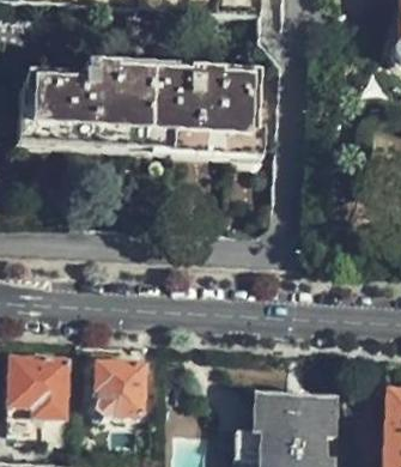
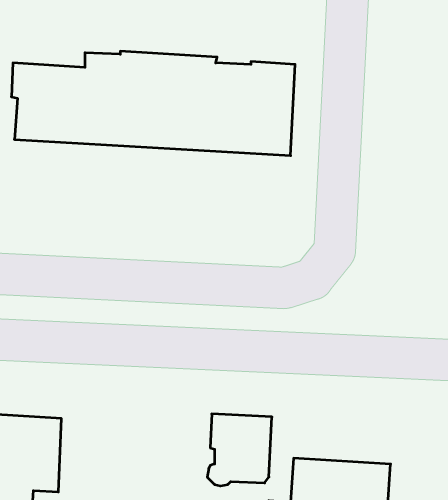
building: [93,360,146,419] -> [207,414,272,486]

